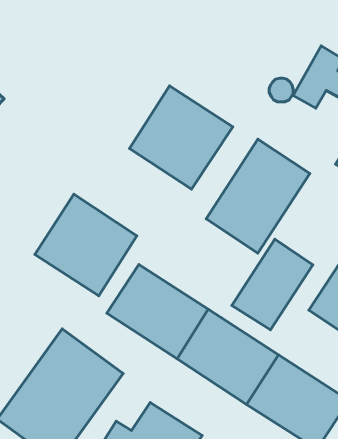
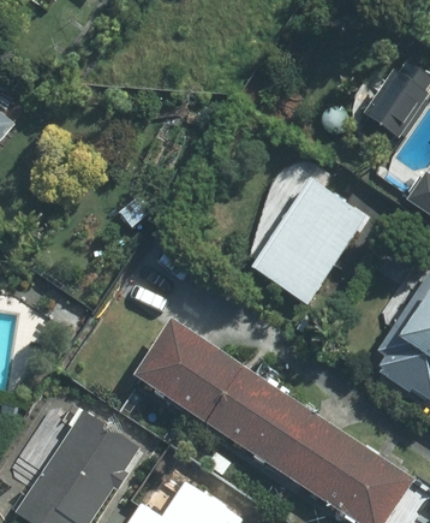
building: [130,86,233,189] -> none
building: [35,194,137,296] -> none
building: [232,239,313,330] -> none

